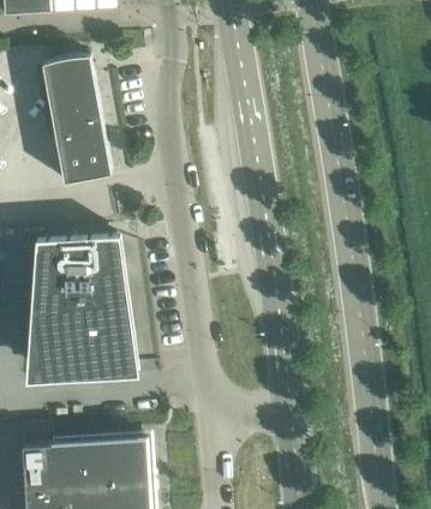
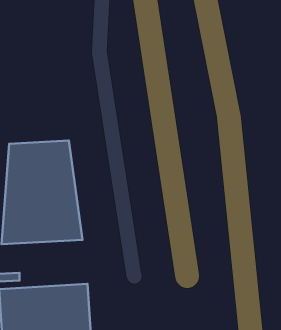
building: [42,58,110,184] -> none

